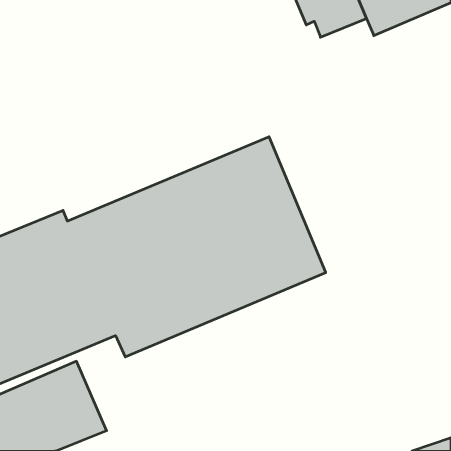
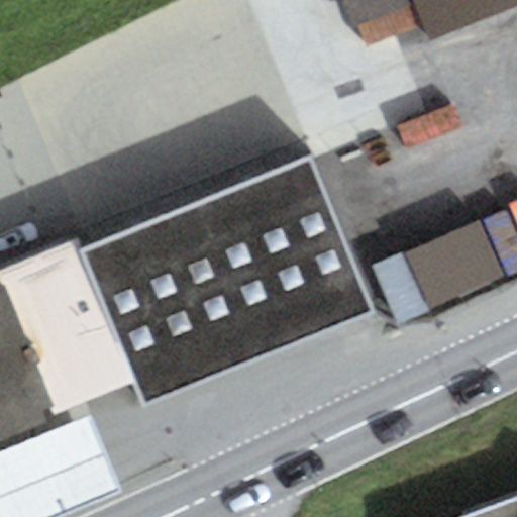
building: none -> [371,220,499,323]

